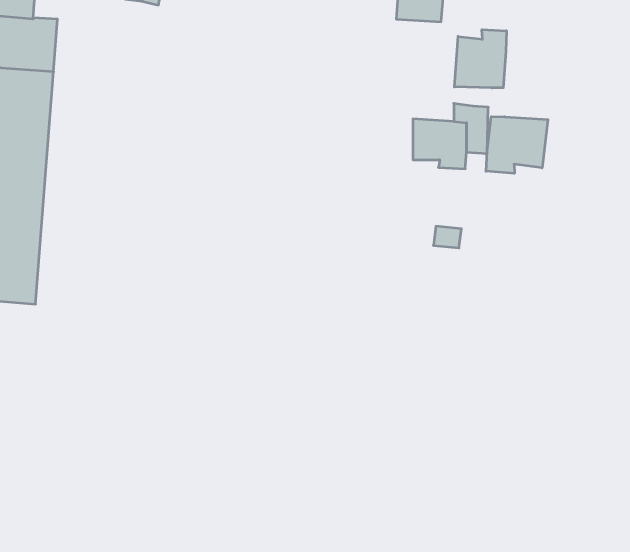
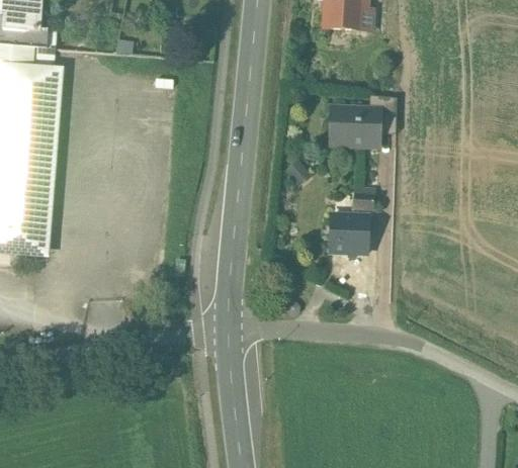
building: [454,30,506,88] -> none
building: [486,117,548,173] -> none
building: none -> [330,212,367,256]

